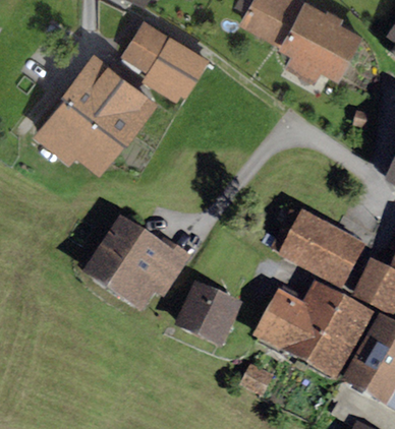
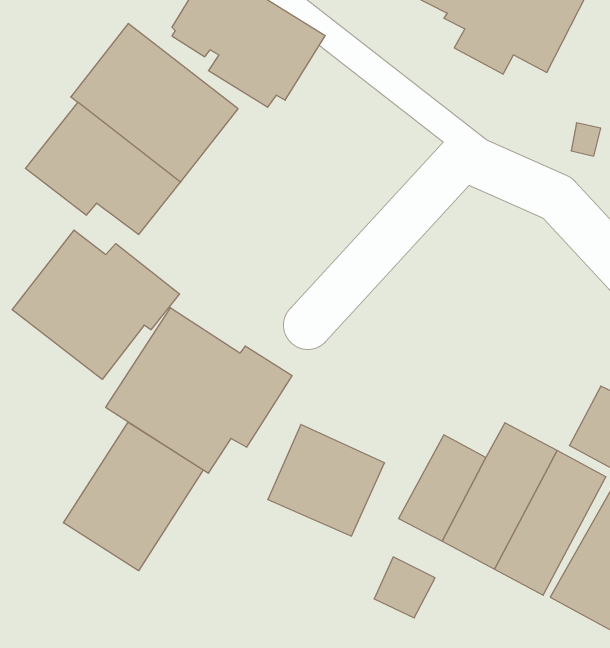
building: none -> [12,230,180,379]
building: [270,208,365,289] -> none
building: none -> [63,422,203,571]

